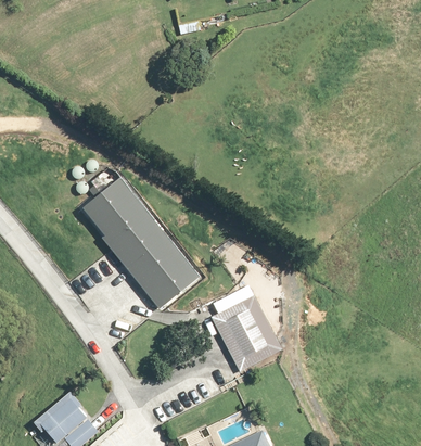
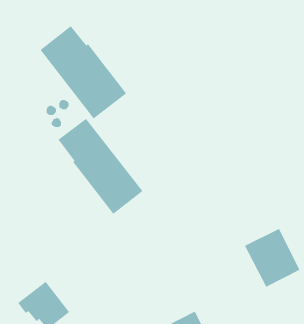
building: none -> [40,25,127,120]
building: [212,293,284,370] -> [244,228,301,288]

